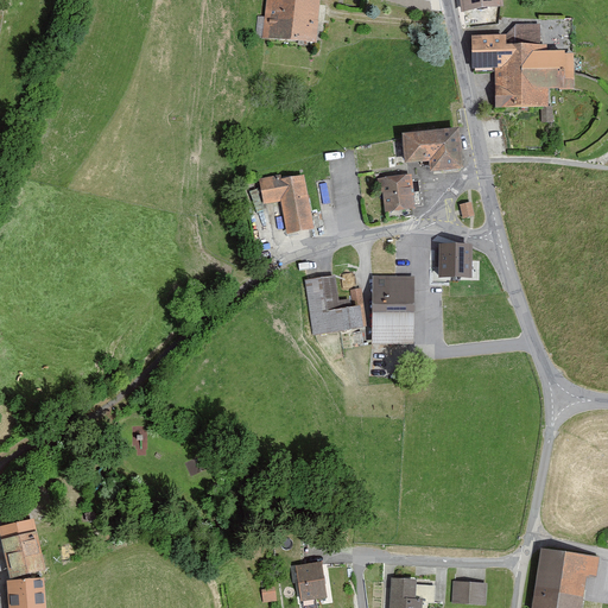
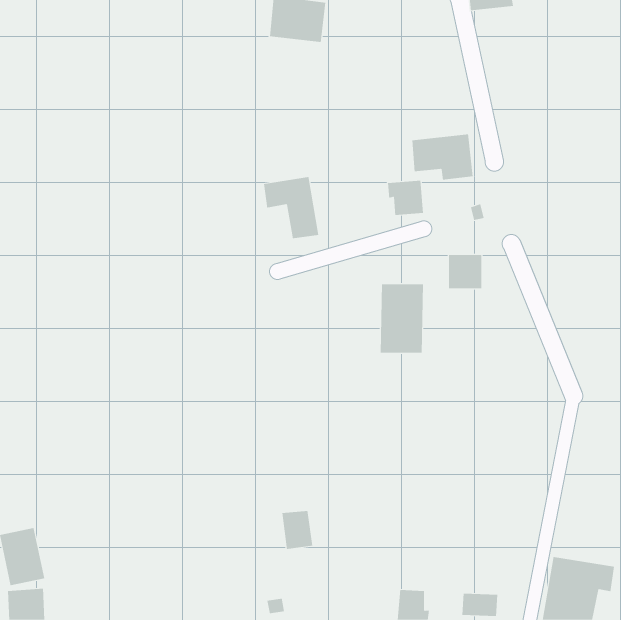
building: [471,24,574,110] -> none
building: [303,276,366,335] -> none
building: [294,560,325,598] -> [281,510,313,549]

